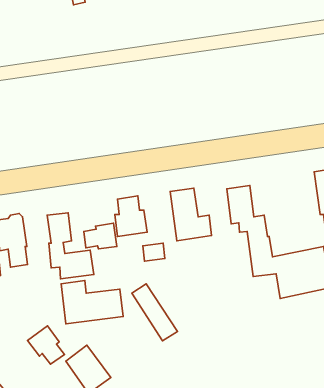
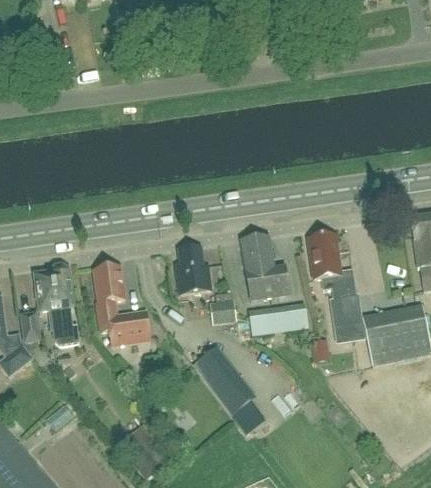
building: [84,223,117,249] -> none
building: none -> [249,304,308,337]
building: [61,280,123,324] -> none
building: [27,326,64,364] -> none

